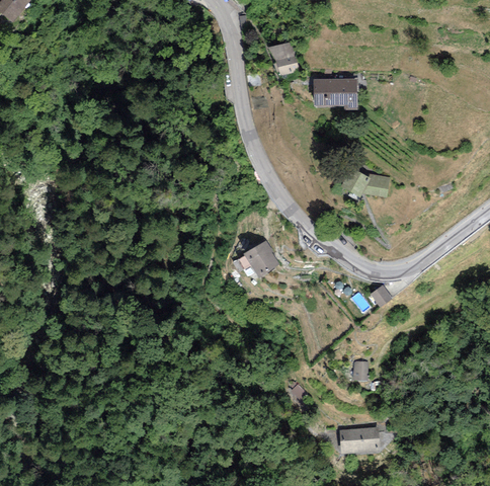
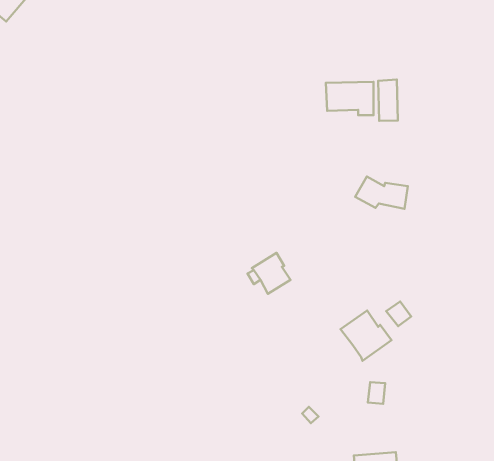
building: [268,40,300,75] -> none
building: none -> [378,80,398,121]
building: none -> [341,311,392,361]

